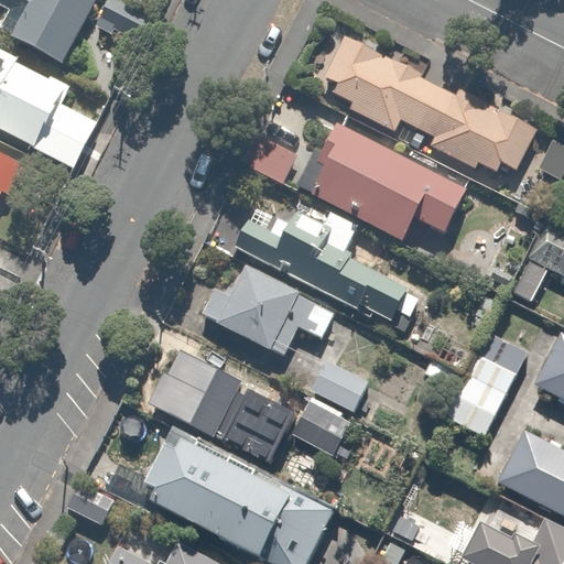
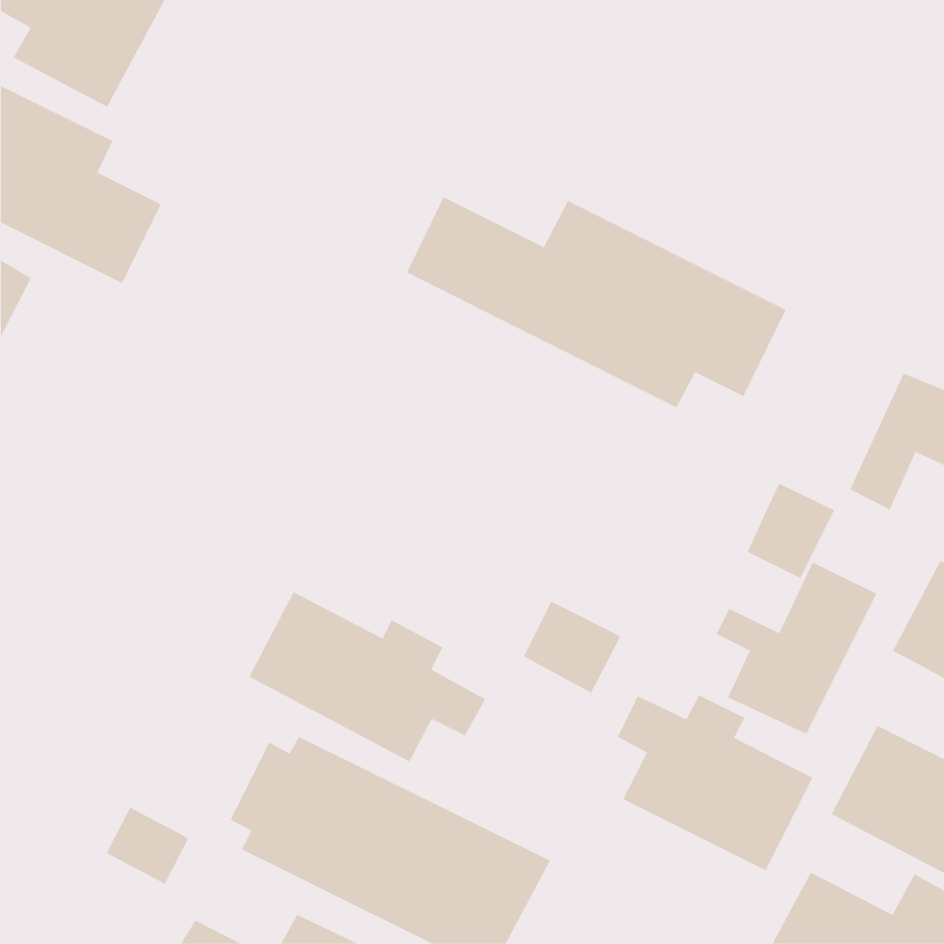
building: [322,34,535,180] -> none
building: [234,205,425,328] -> none
building: [200,264,337,358] -> none
building: none -> [747,483,835,579]
building: [292,400,350,456] -> none
building: none -> [617,695,813,871]

